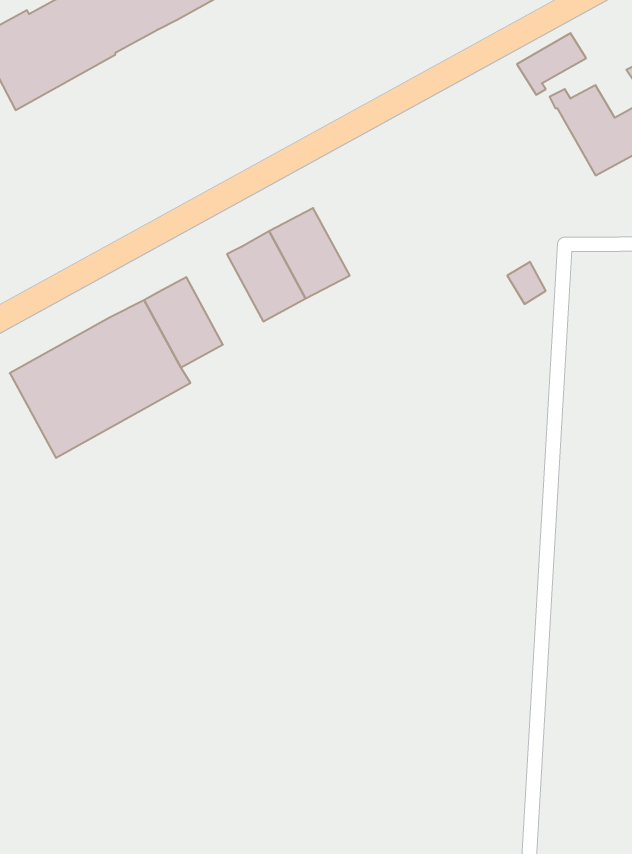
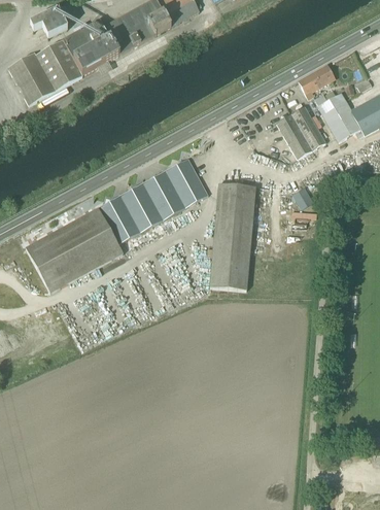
building: none -> [275,106,324,160]
building: none -> [119,183,161,232]
building: none -> [208,183,254,290]

